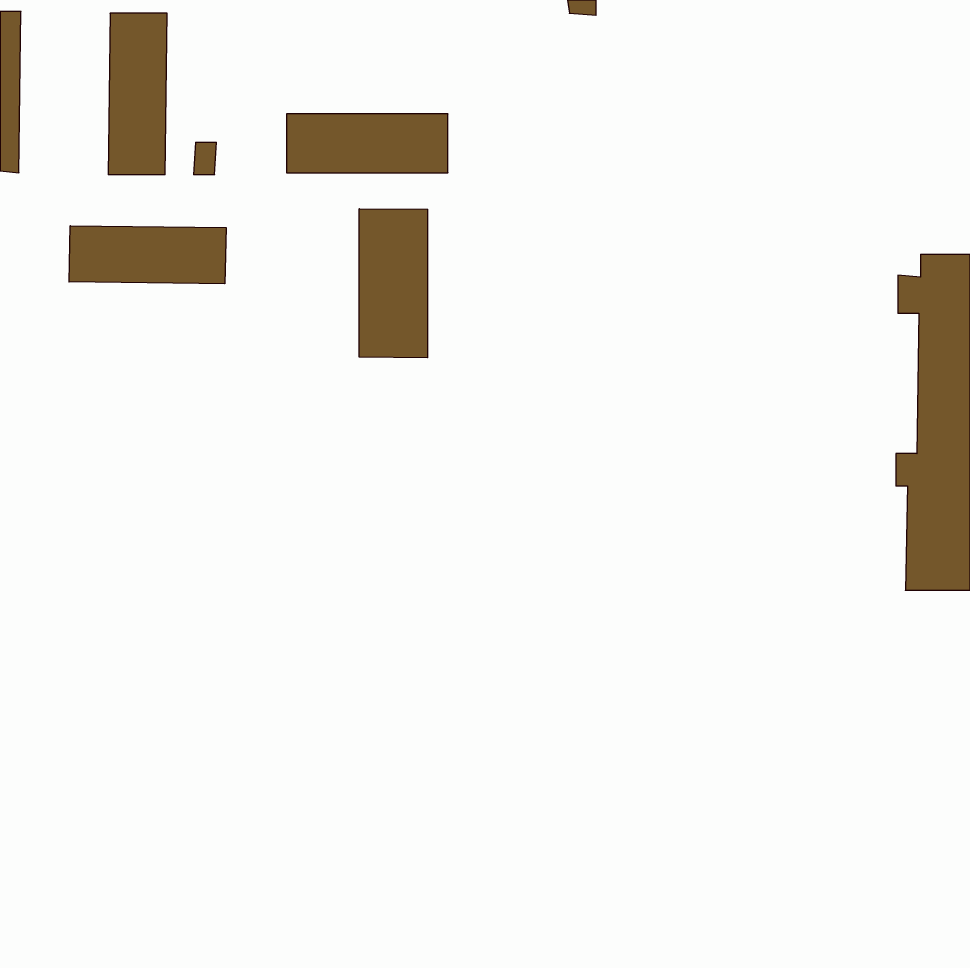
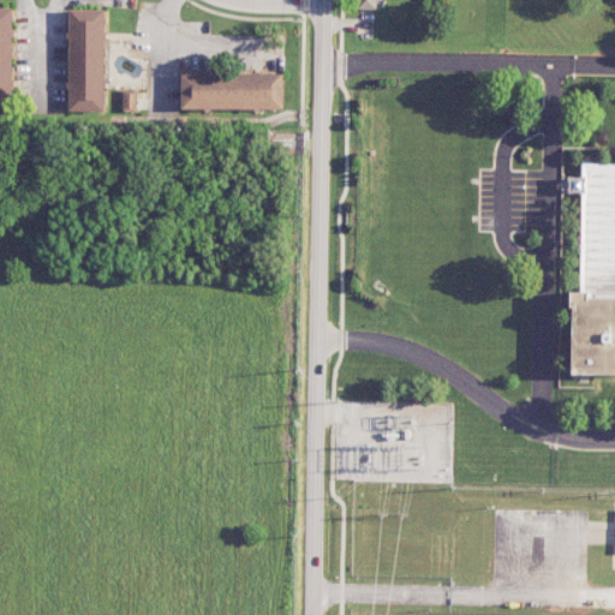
building: [359,209,428,358] -> none
building: [69,226,226,284] -> none

